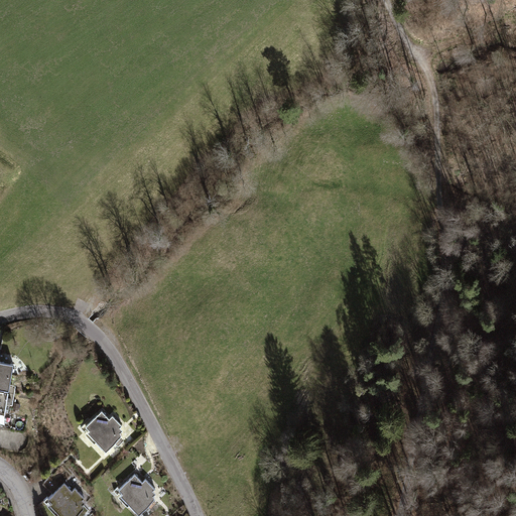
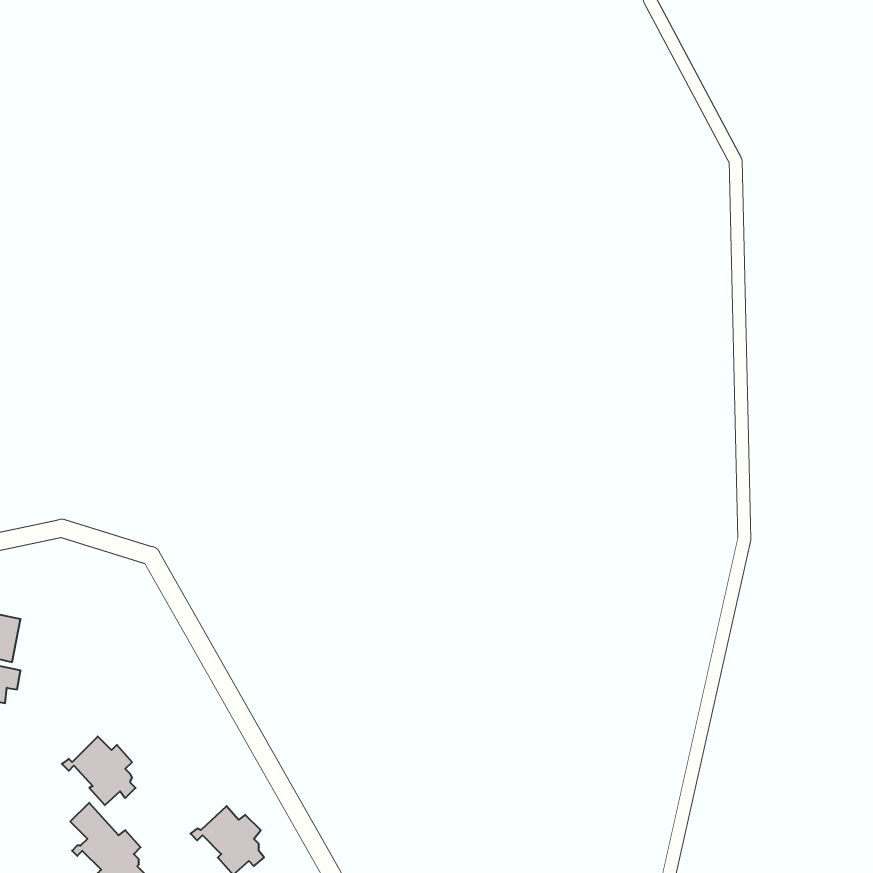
building: [79,412,122,453] -> [62,736,136,805]

